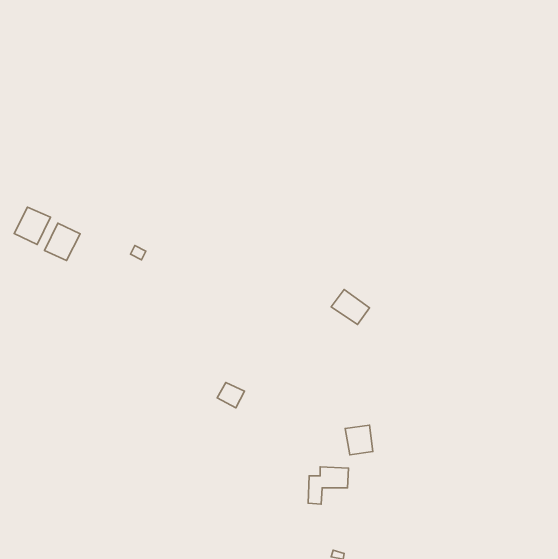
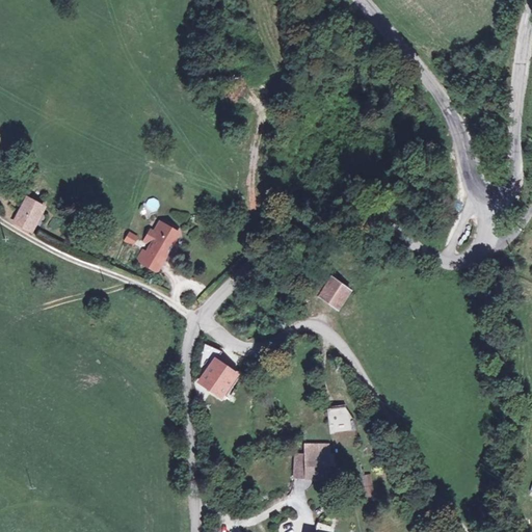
building: [45,223,80,260] -> none
building: none -> [132,220,183,277]

